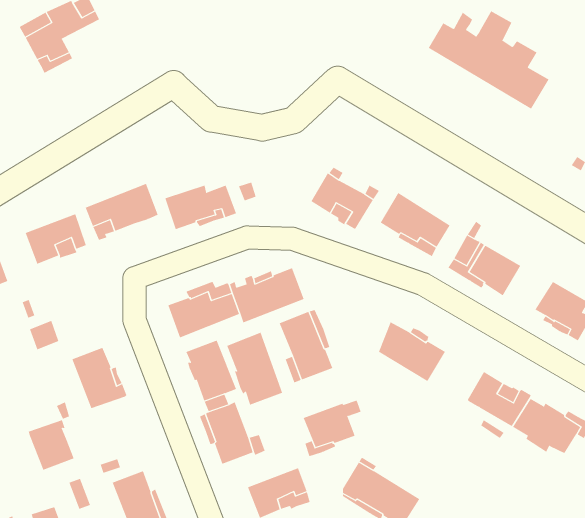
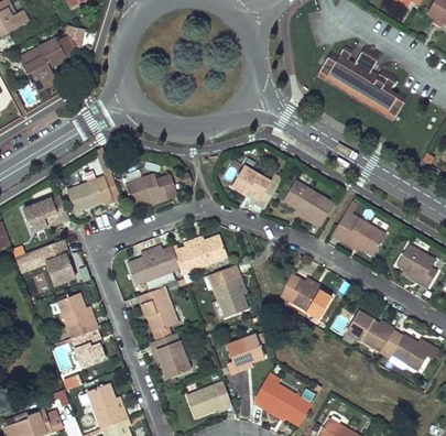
building: none -> [41,240,74,285]
building: [227,332,283,406] -> none
building: [28,419,74,471] -> [70,329,105,367]

